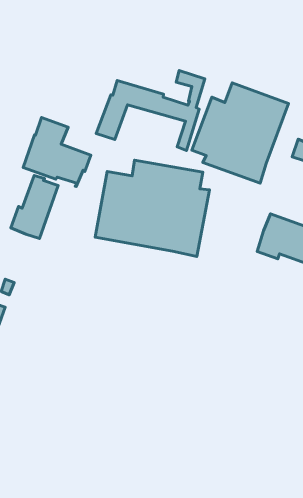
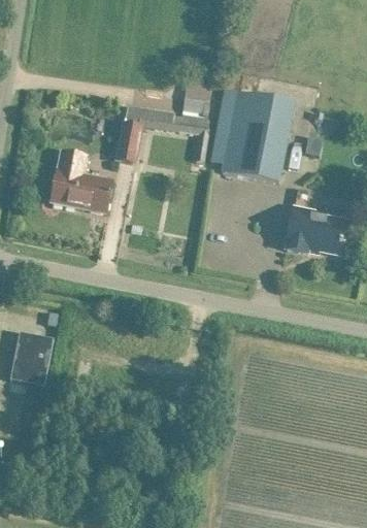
building: [95,160,209,257] -> none
building: [11,175,58,238] -> none

